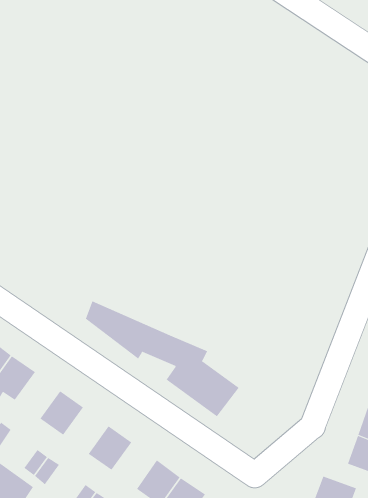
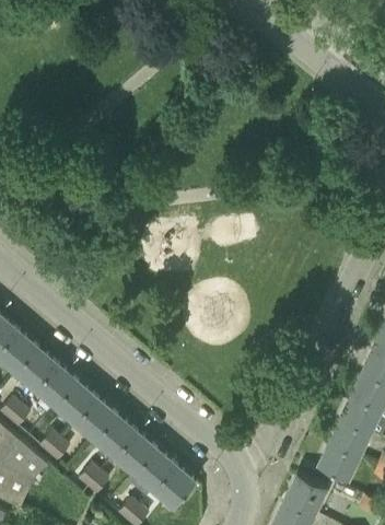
building: [85,300,240,417] -> none
building: none -> [36,364,75,405]
building: none -> [75,398,115,439]
building: none -> [115,432,154,472]

